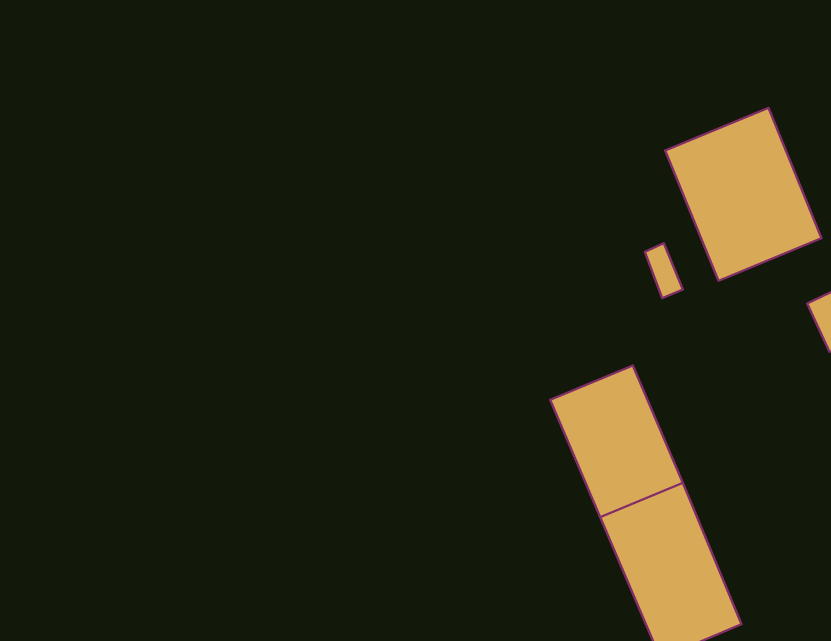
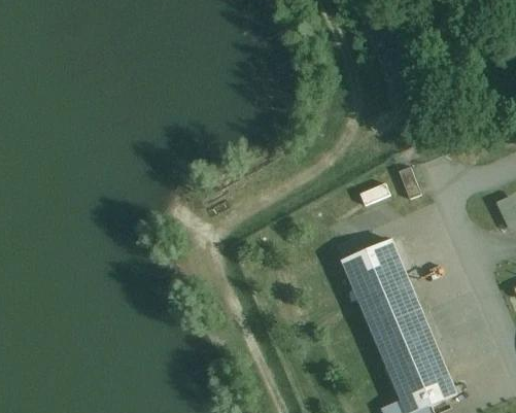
building: [665,108,822,281] -> none

